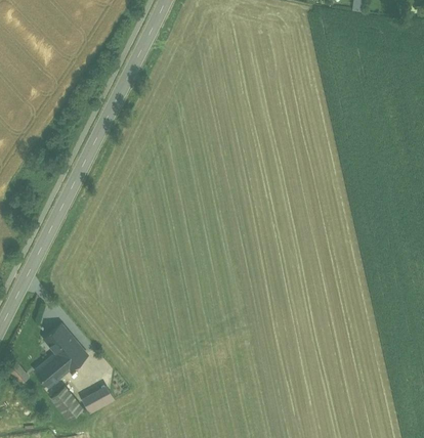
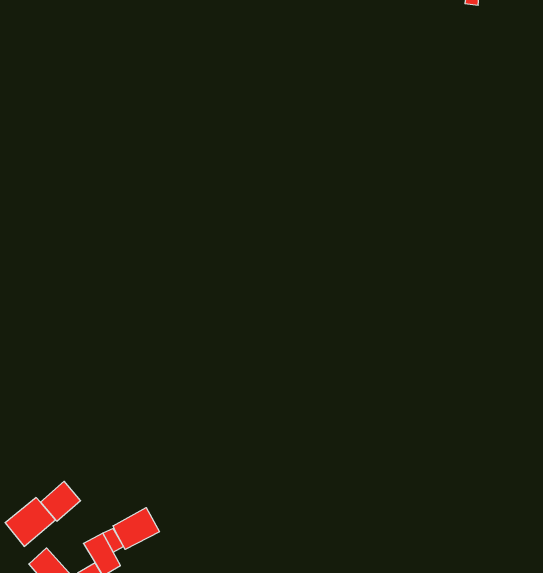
building: [44,324,75,355] -> none
building: none -> [113,508,159,549]

